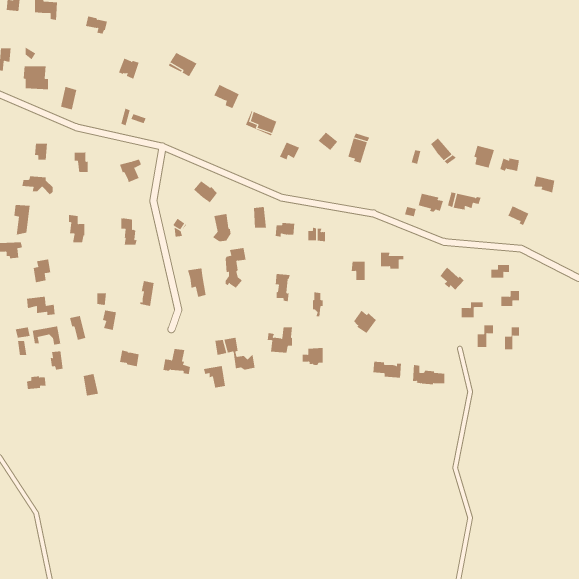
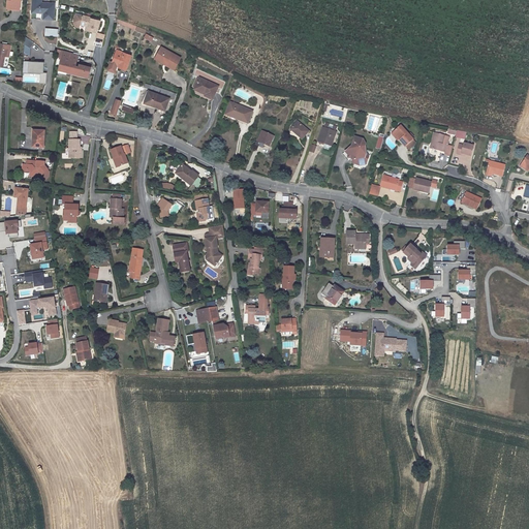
building: none -> [59,53,91,79]
building: none -> [144,85,169,111]
building: none -> [342,134,368,164]

